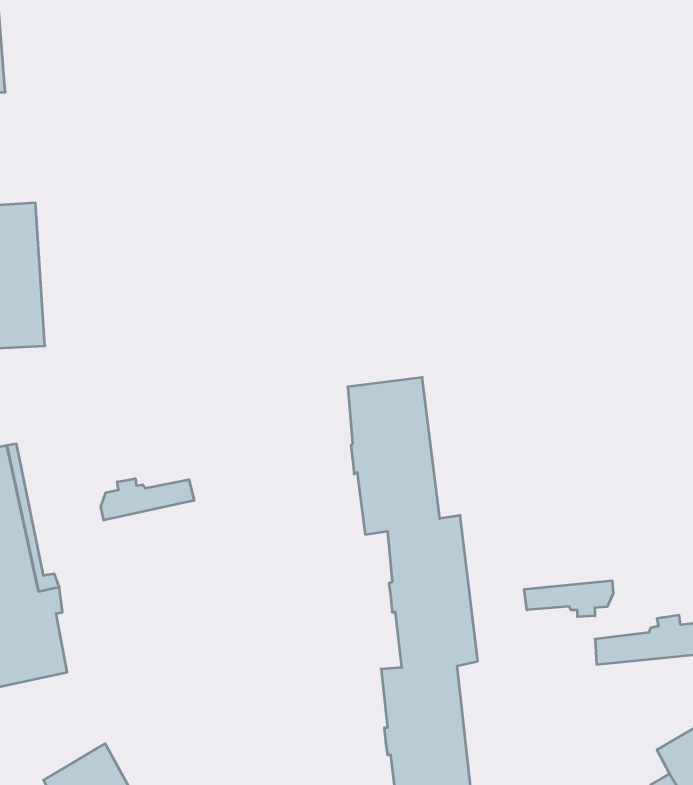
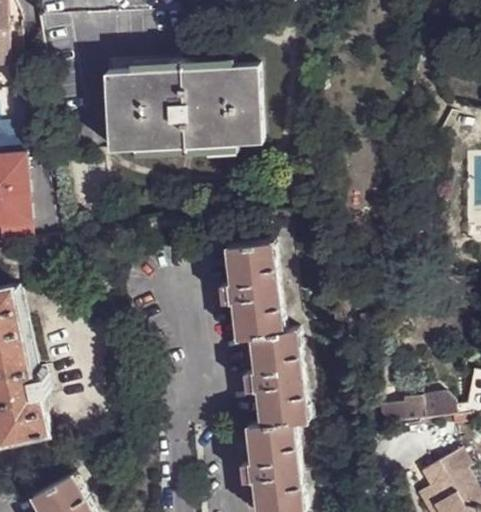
building: none -> [104,59,261,159]
building: [101,479,194,520] -> none
building: [524,581,613,617] -> none

